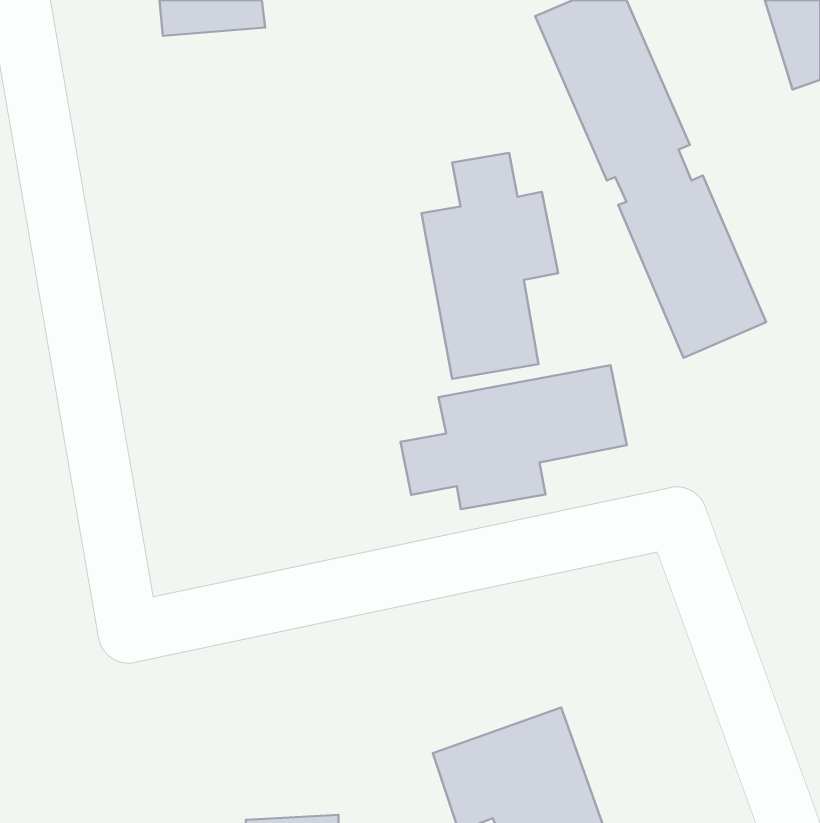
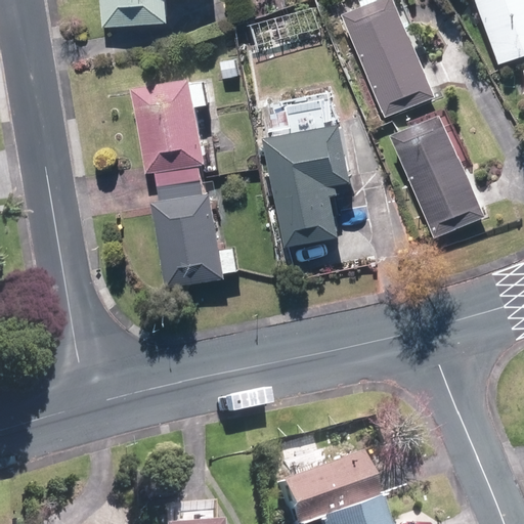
building: none -> [133,82,224,289]
building: [401,365,627,509] -> none

